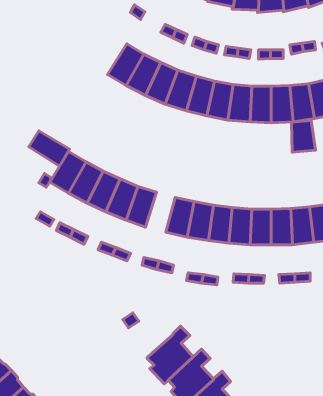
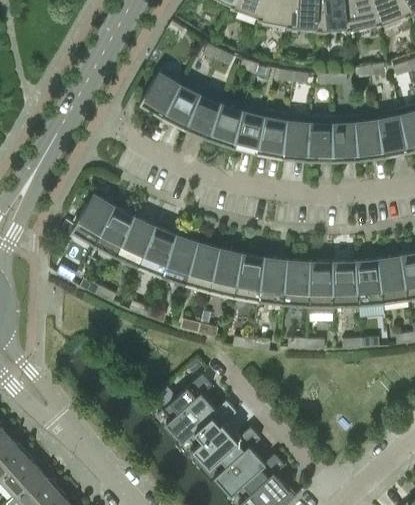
building: [291,121,315,152] -> none
building: [29,131,70,166] -> none
building: none -> [184,242,219,289]
building: none -> [157,373,216,442]

